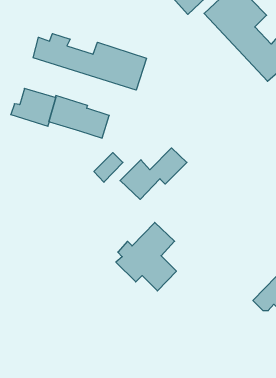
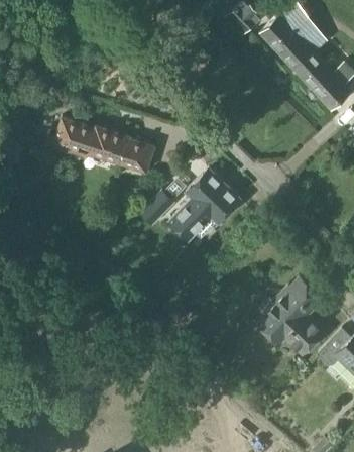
building: [33,34,146,90] -> none
building: none -> [185,167,225,209]
building: [116,222,176,291] -> [256,277,324,354]

